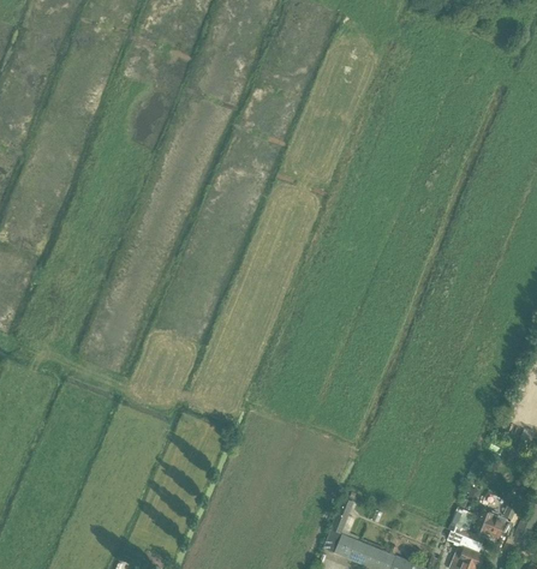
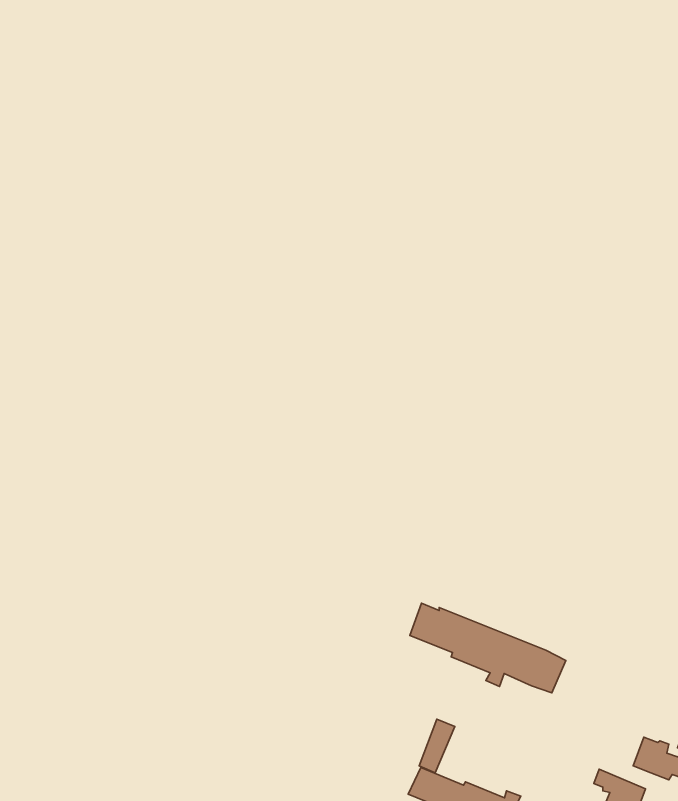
building: none -> [410,603,566,693]

